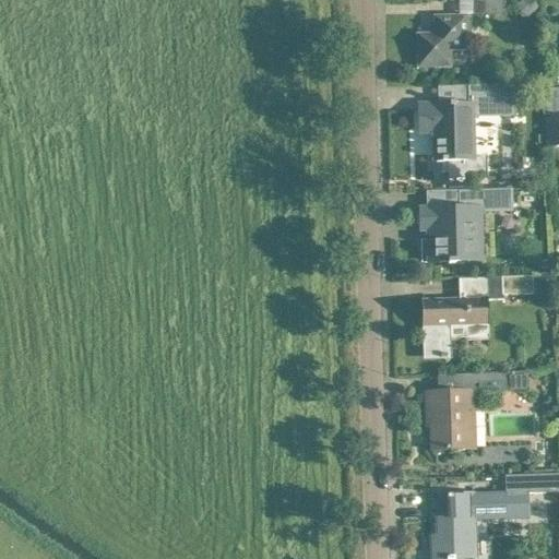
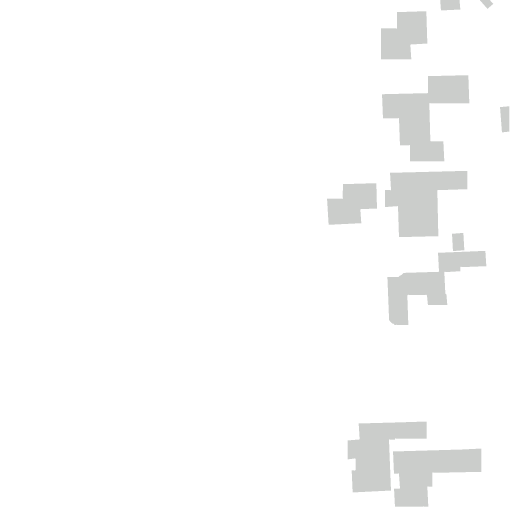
building: none -> [327,183,378,225]
building: [426,370,514,449] -> [347,421,428,493]
building: [504,473,547,491] -> none

